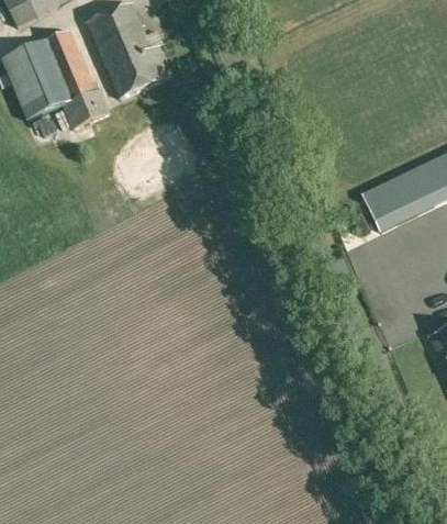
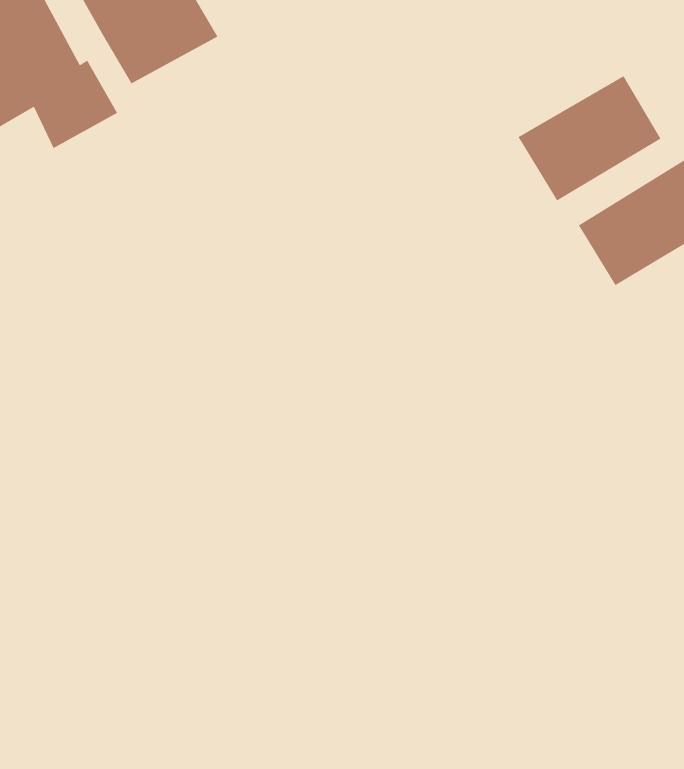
building: none -> [518,75,661,202]

